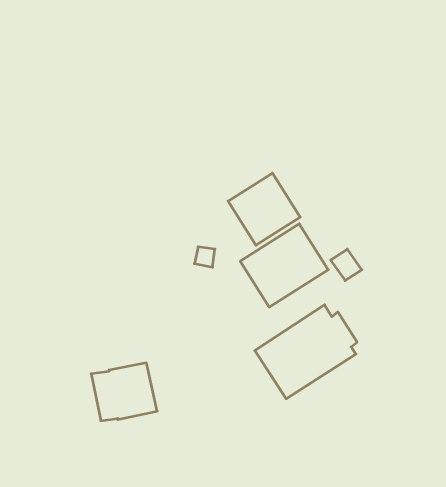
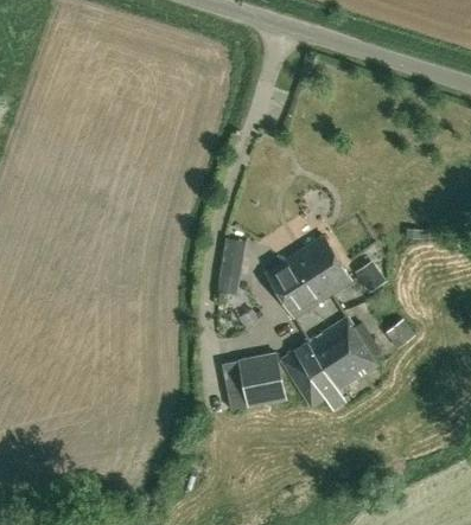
building: [228,173,300,245] -> none
building: [91,363,157,421] -> [221,353,286,410]

